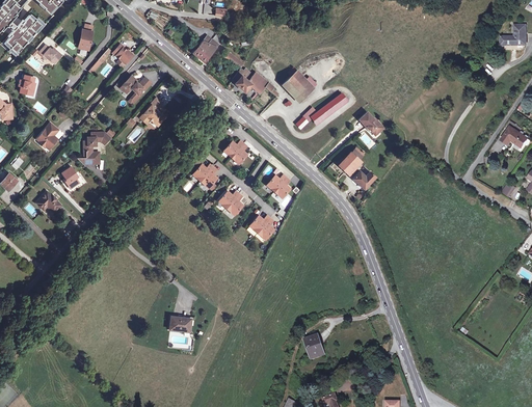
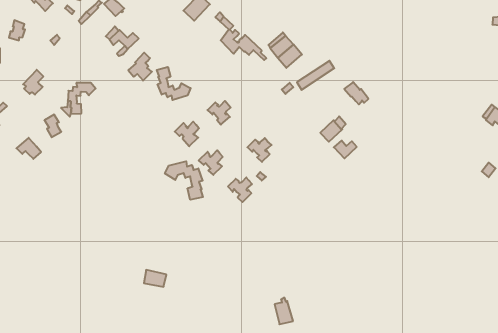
building: none -> [157,67,191,100]
building: none -> [165,161,203,200]

